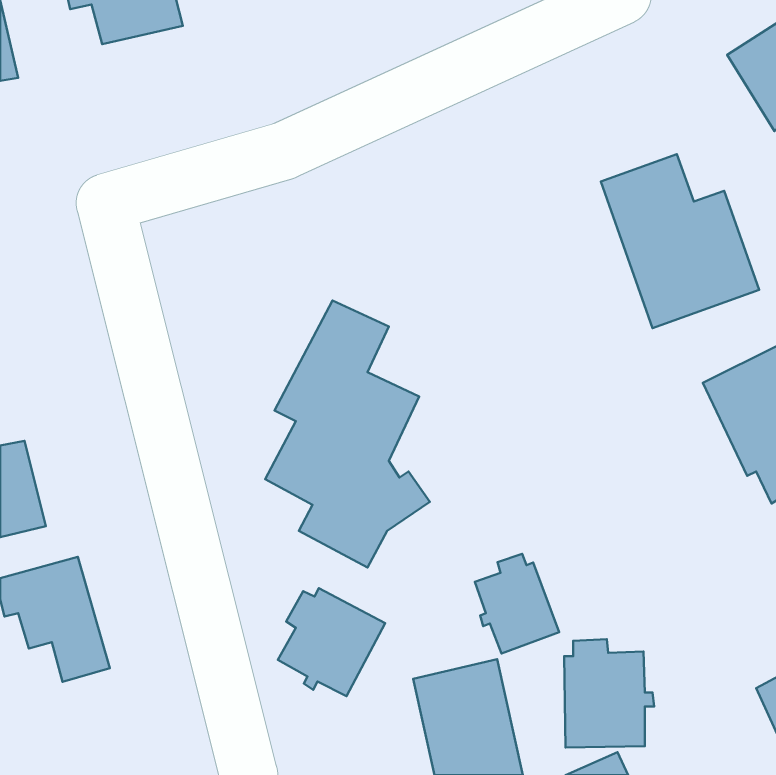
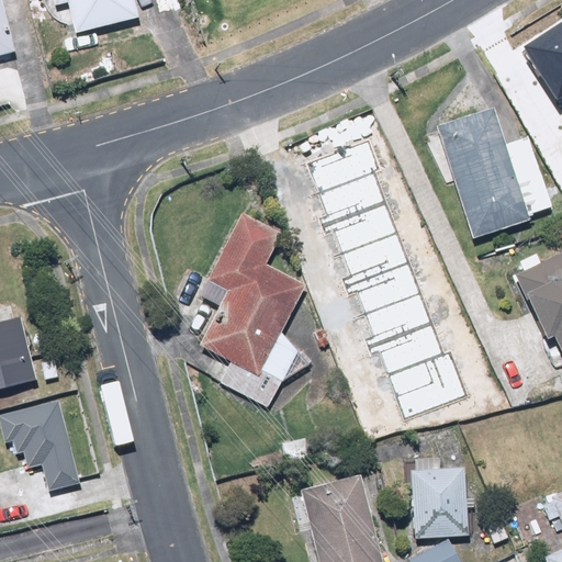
building: none -> [306,136,471,420]
building: [475,554,559,654] -> none
building: [278,588,385,696] -> none

